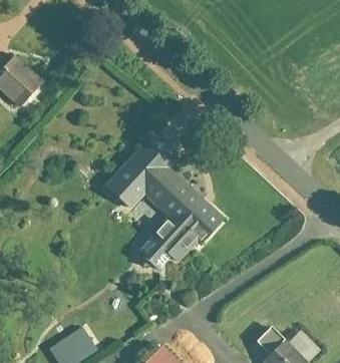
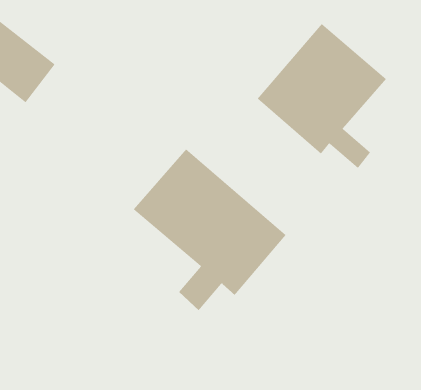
building: none -> [257,23,387,169]

